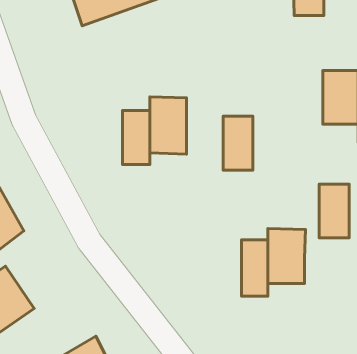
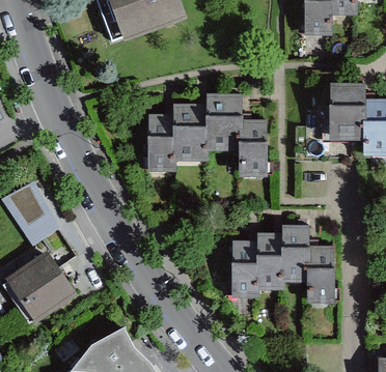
building: none -> [206,97,240,147]
building: [319,184,349,238] -> [313,253,340,302]
building: none -> [230,248,256,296]

